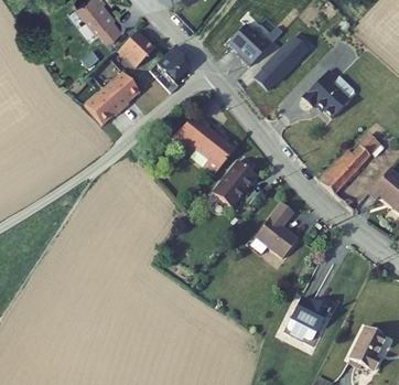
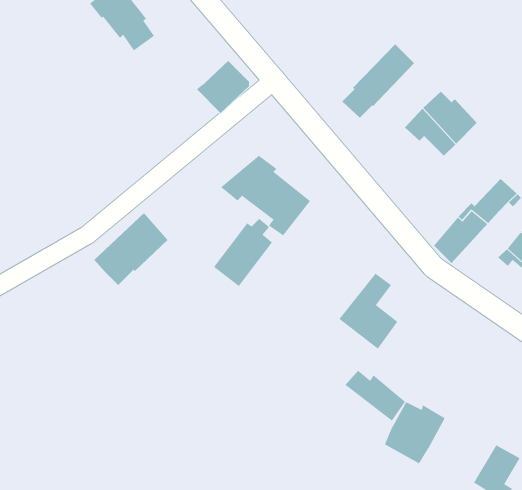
building: [229,24,270,66] -> none
building: [120,32,154,65] -> none
building: [88,73,142,126] -> [94,212,169,286]
building: [212,159,255,208] -> [213,218,273,287]
building: none -> [344,370,406,422]

